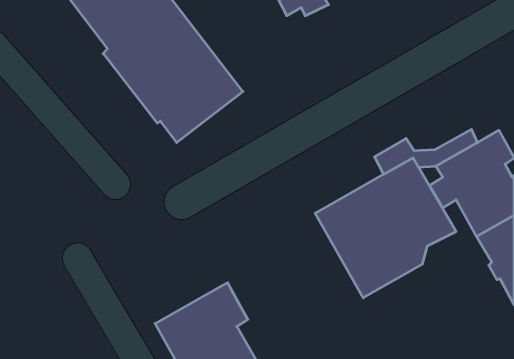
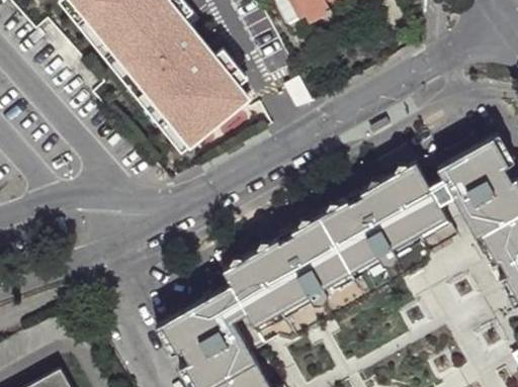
building: none -> [224,218,366,343]

